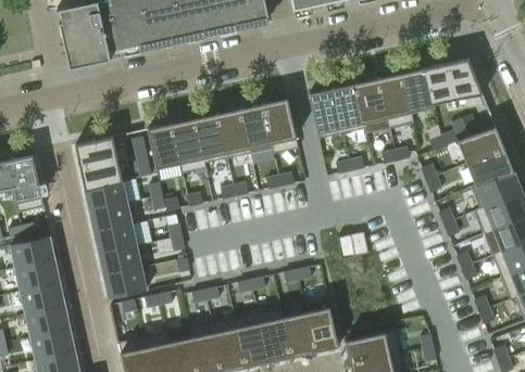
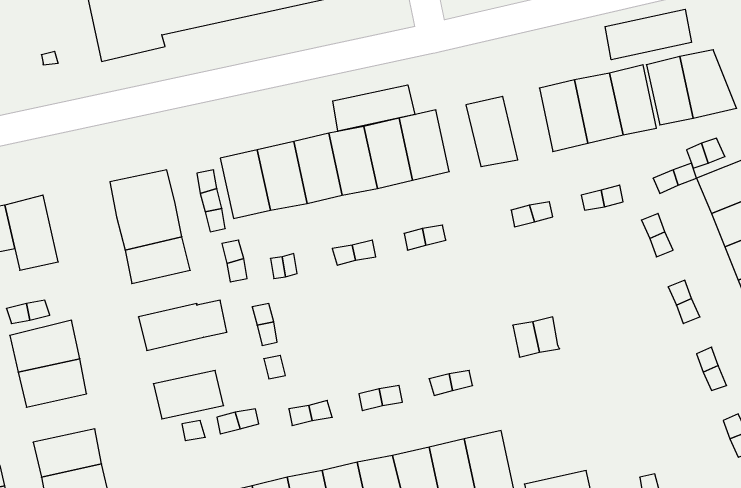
building: none -> [605,9,691,60]
building: none -> [333,85,415,131]
building: [330,85,363,131] -> none
building: [89,203,132,233] -> none
building: [99,246,143,277] -> none
building: [21,283,65,315] -> none

